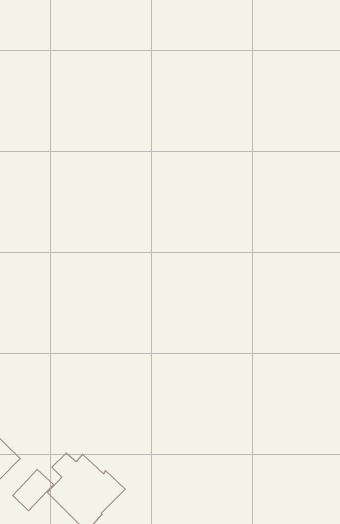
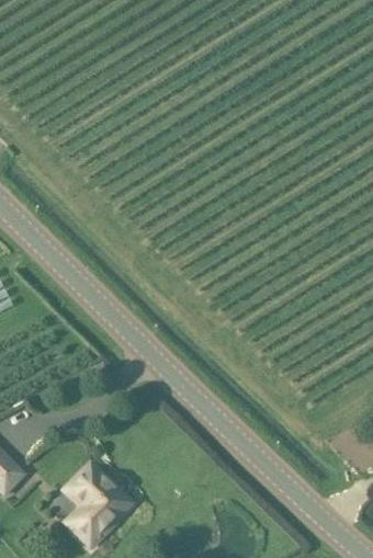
building: [13,469,54,511] -> none

